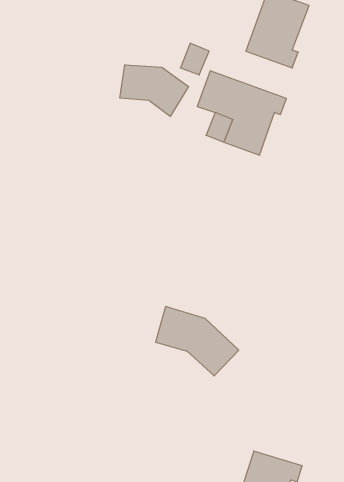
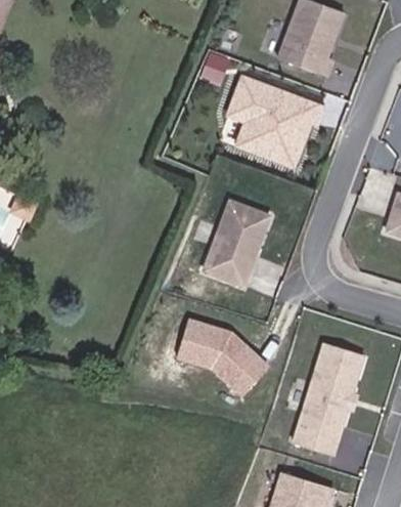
building: [120,65,189,116] -> none
building: none -> [206,203,268,286]
building: none -> [294,343,362,455]

